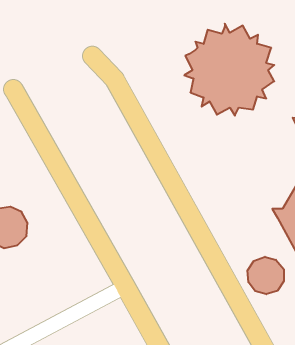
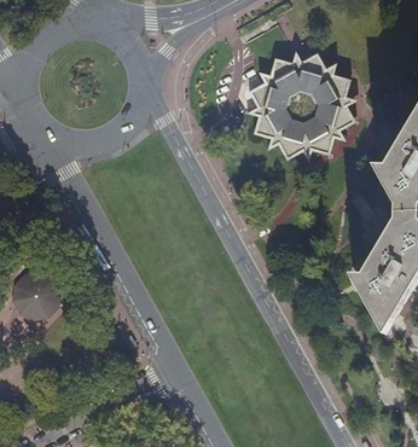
building: [248,257,284,294] -> none

